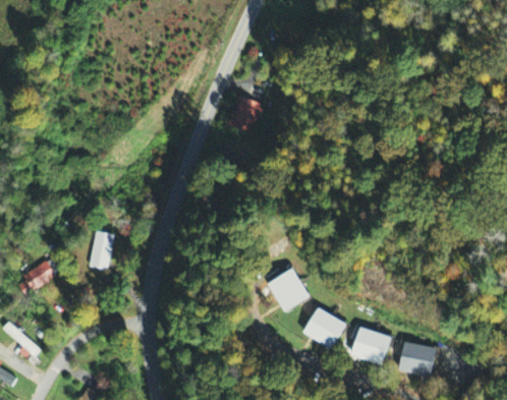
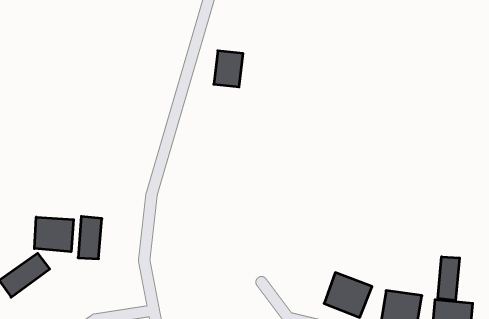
building: none -> [34,217,74,252]
building: [268,269,311,312] -> none
building: none -> [438,257,460,301]

